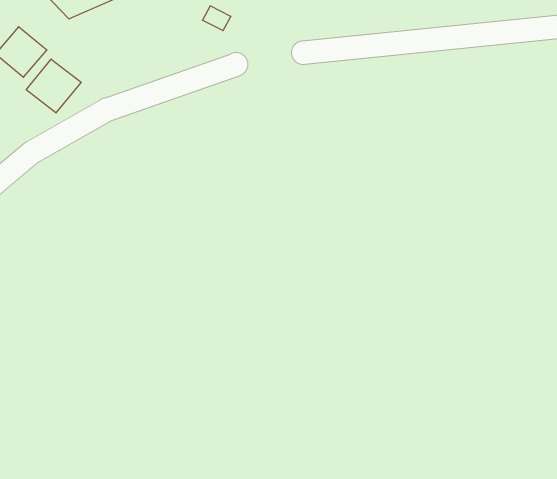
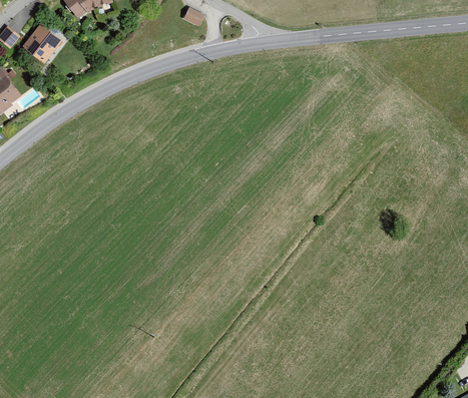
building: [26,59,81,113] -> none

